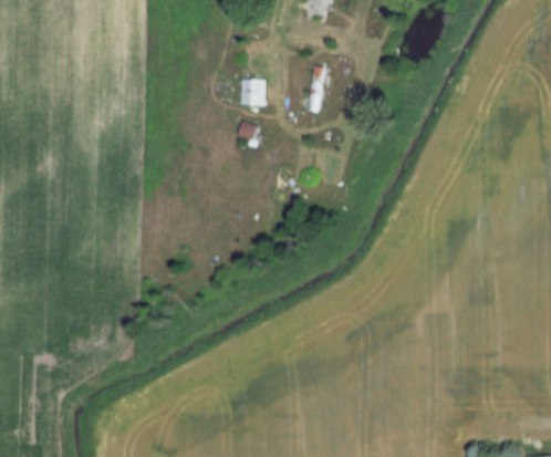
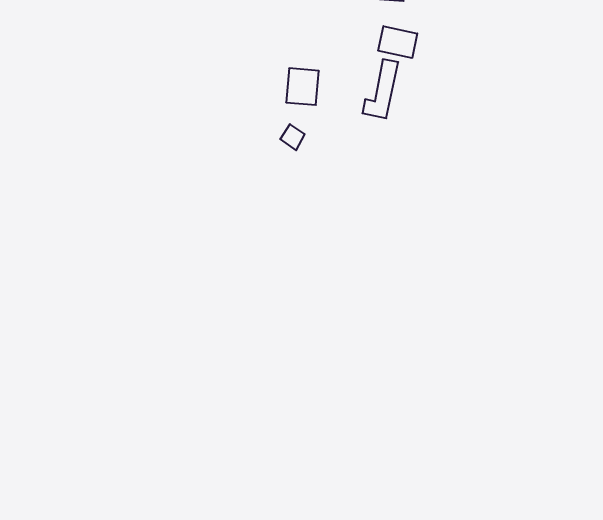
building: none -> [378,26,417,58]

